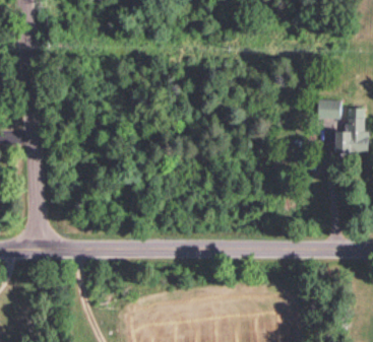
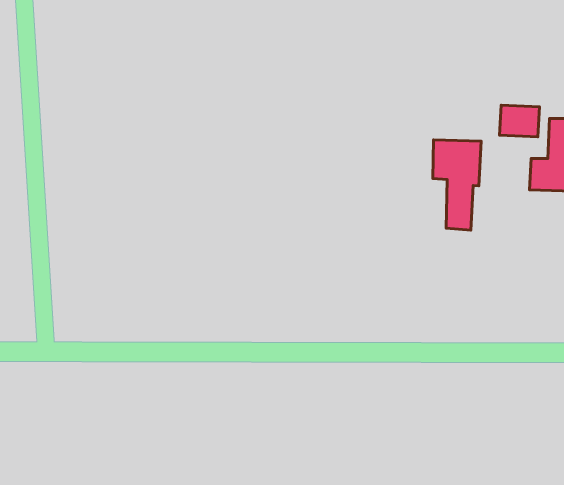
building: none -> [433,140,481,230]

